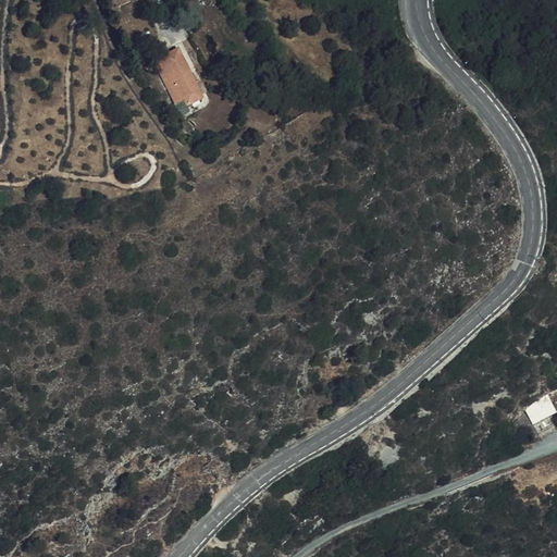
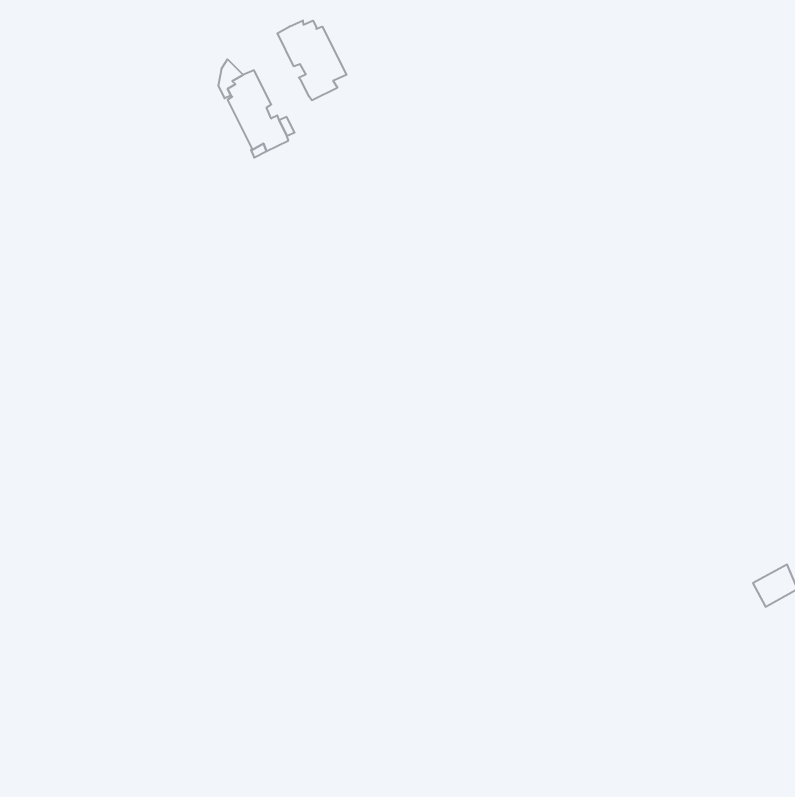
building: none -> [277,20,346,100]

